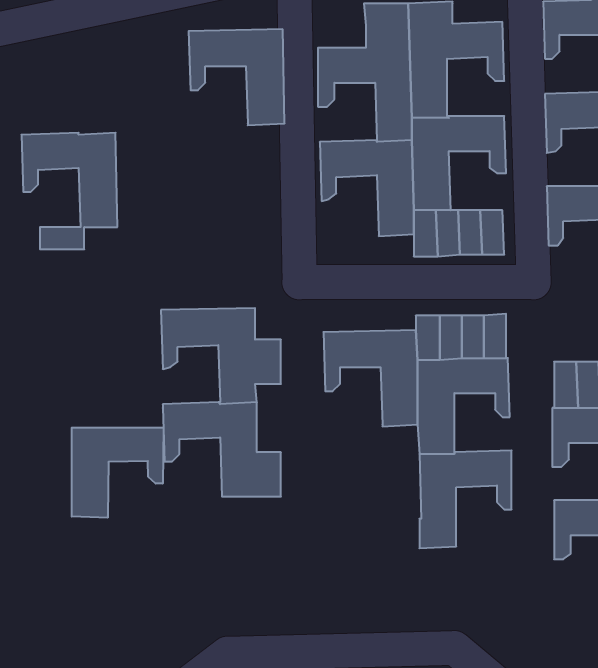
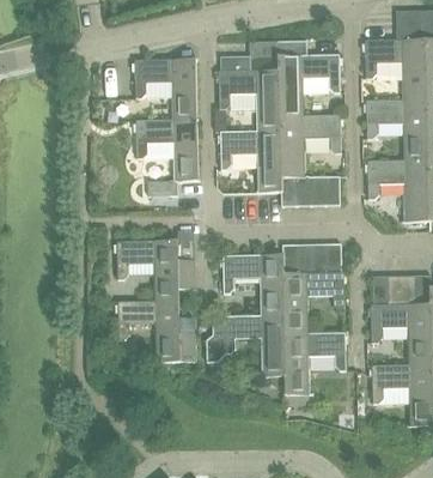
building: [21,133,117,249] -> [136,120,199,195]
building: none -> [206,315,286,376]
building: [72,428,164,518] -> none

